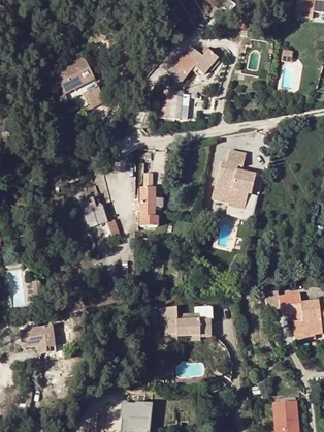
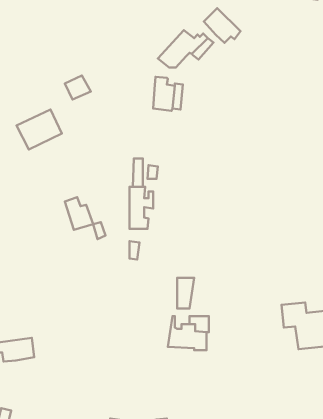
building: none -> [204,8,240,43]
building: [53,58,94,94] -> [16,110,62,149]
building: [212,150,256,209] -> none
building: [164,306,180,334] -> [177,278,194,309]

